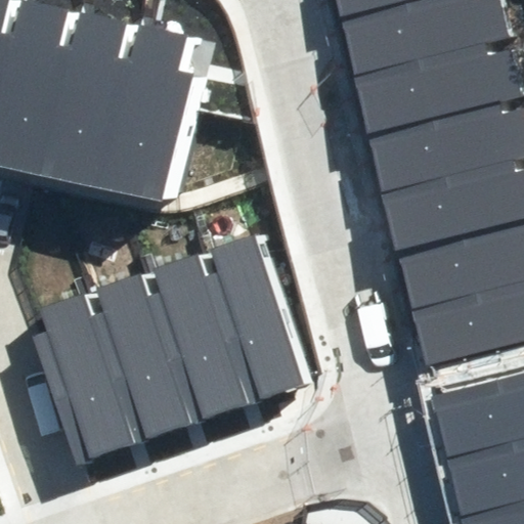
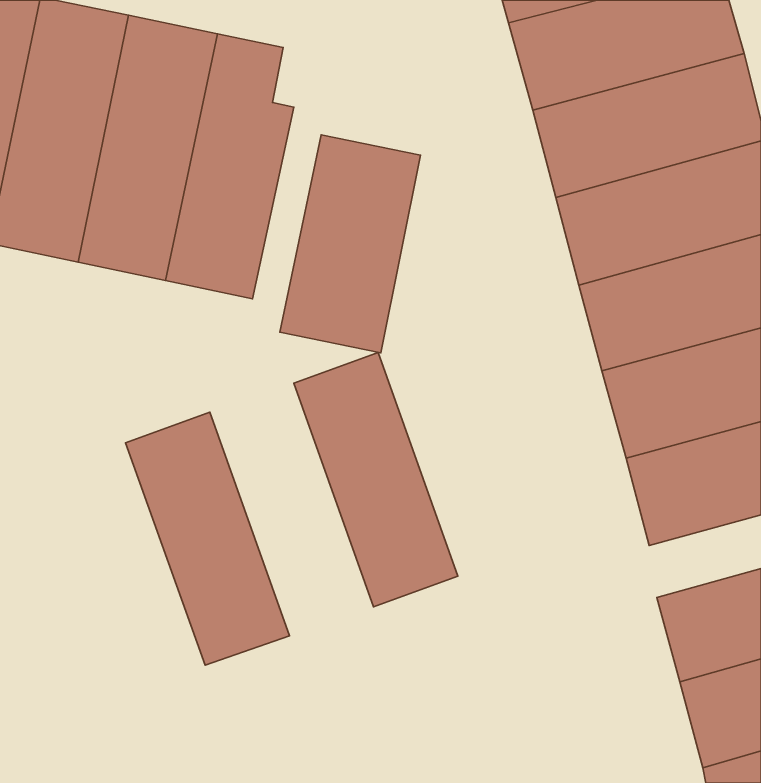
building: none -> [280,135,420,353]
building: [140,256,250,425] -> none
building: [36,296,137,465] -> none

